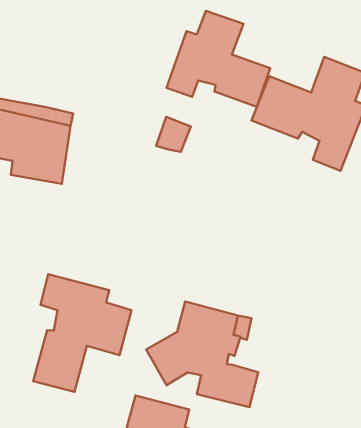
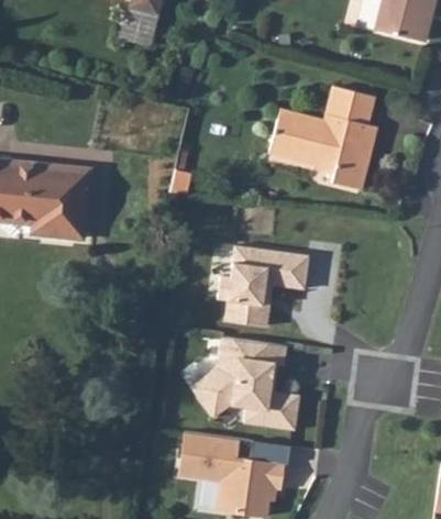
building: [167,11,270,107] -> none
building: none -> [220,244,312,325]
building: [33,274,131,392] -> none

